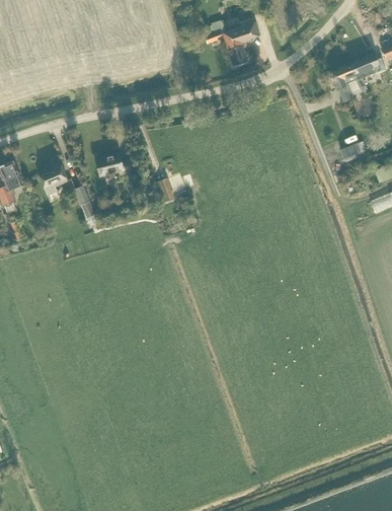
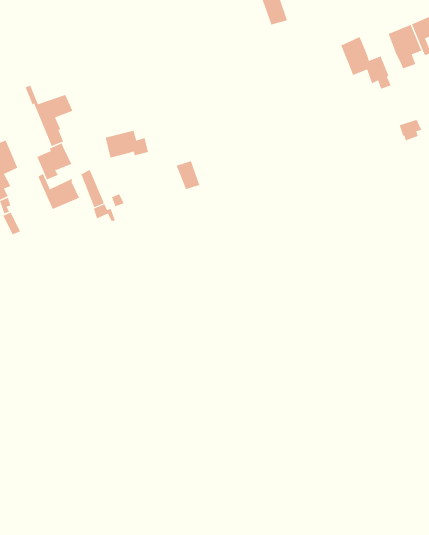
building: none -> [340,36,391,90]
building: none -> [25,85,73,147]
building: none -> [38,173,80,210]

